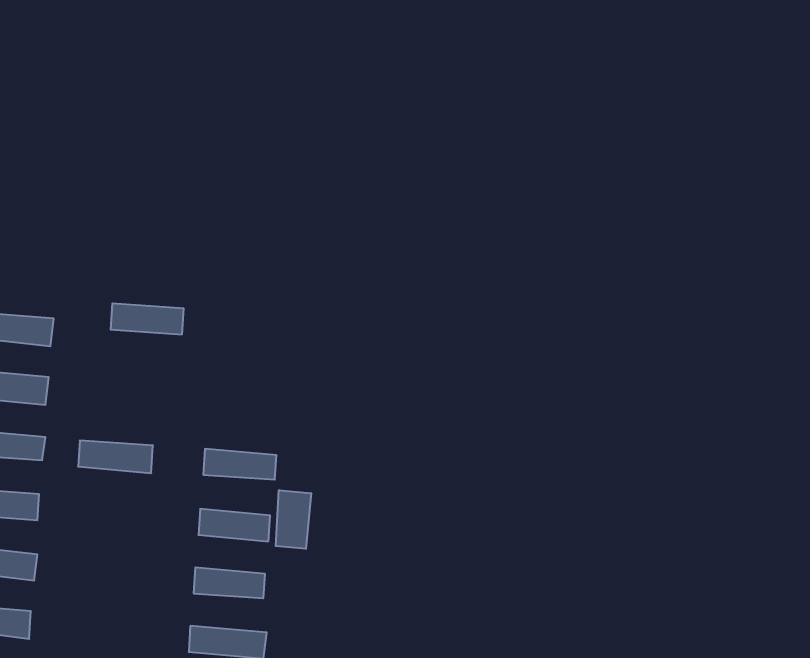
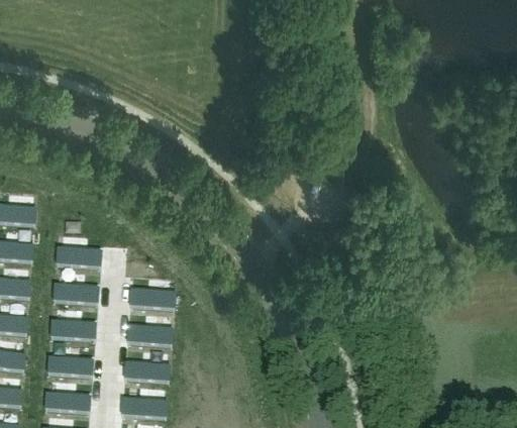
building: [111,303,184,334] -> [56,248,101,268]
building: [276,490,311,549] -> none
building: none -> [49,320,97,341]
building: none -> [46,356,93,378]
building: none -> [43,394,91,414]

